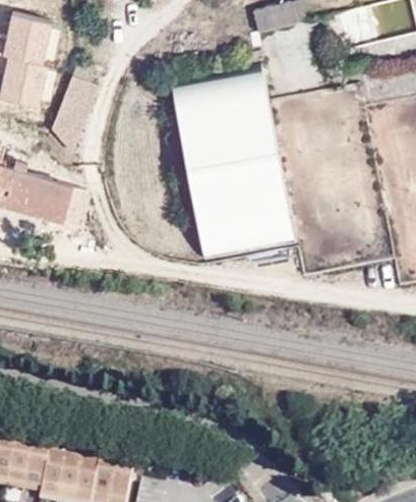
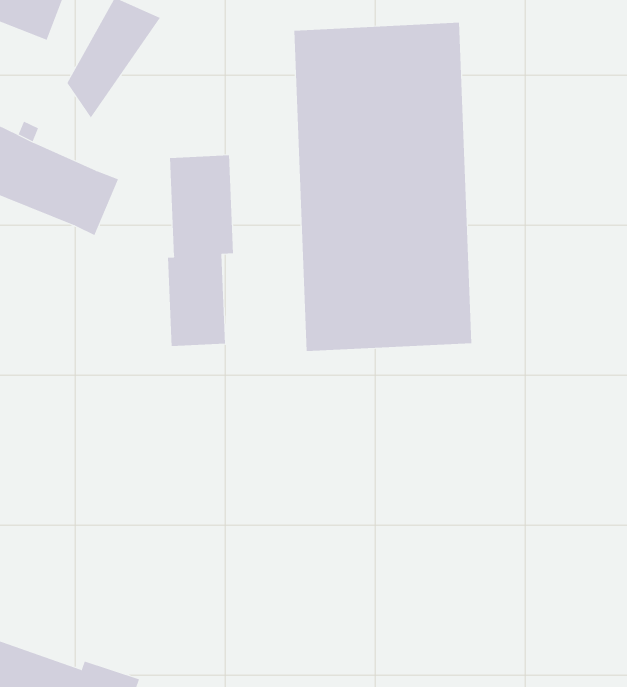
building: none -> [168,154,234,347]

